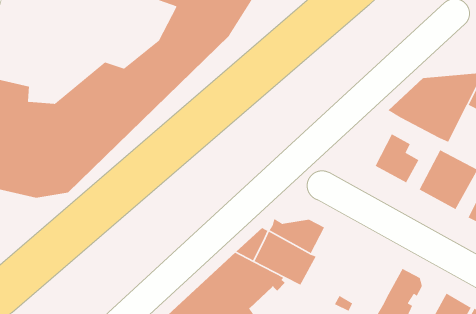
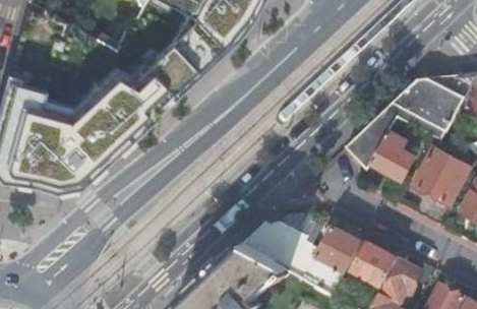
building: none -> [349,110,398,171]
building: none -> [318,226,363,271]
building: none -> [353,241,400,287]

